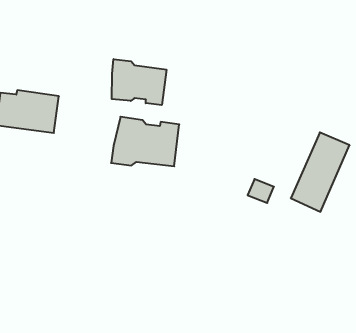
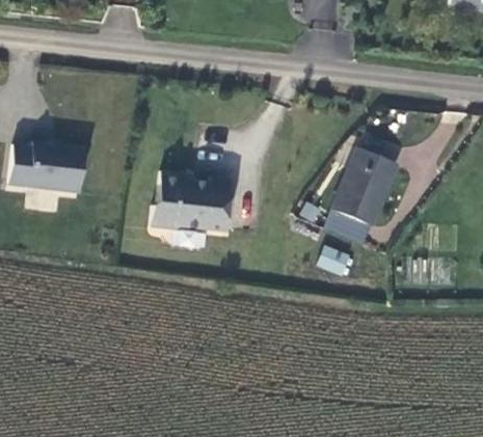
building: [112,59,166,105] -> none
building: [291,132,350,212] -> [324,148,396,245]

